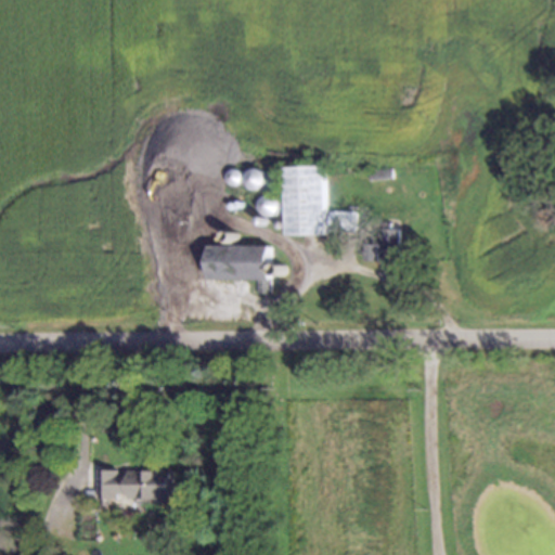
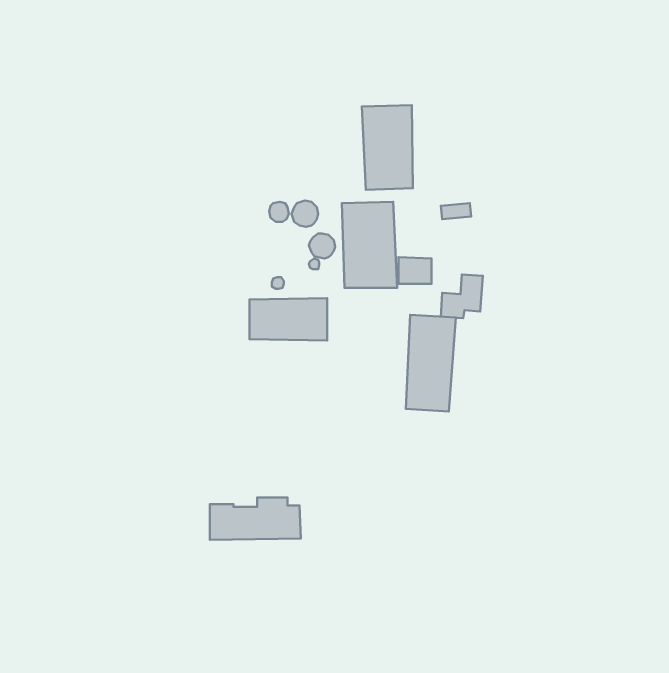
building: none -> [362,105,413,190]
building: none -> [406,315,456,411]
building: [96,465,171,500] -> [210,498,301,540]

